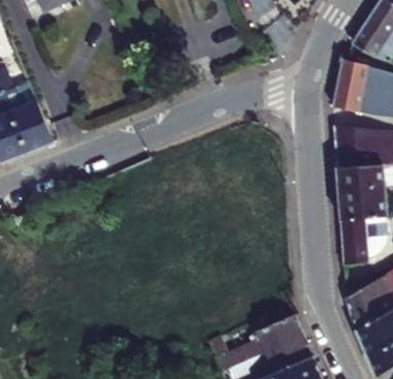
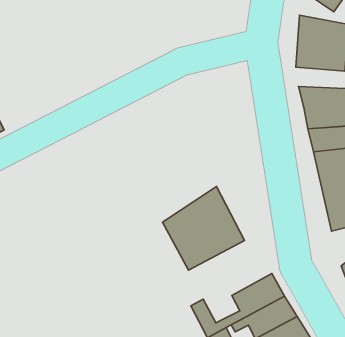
building: none -> [163,186,244,270]

